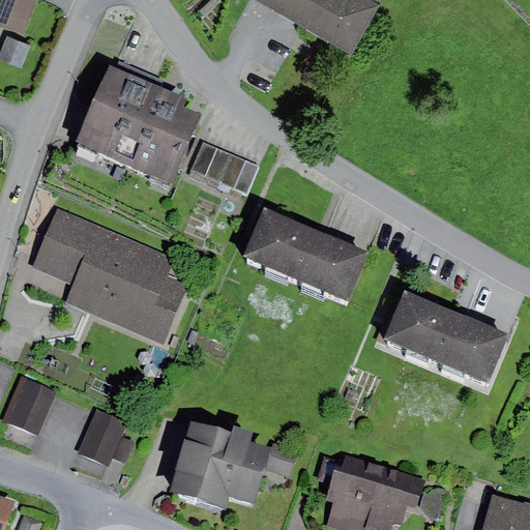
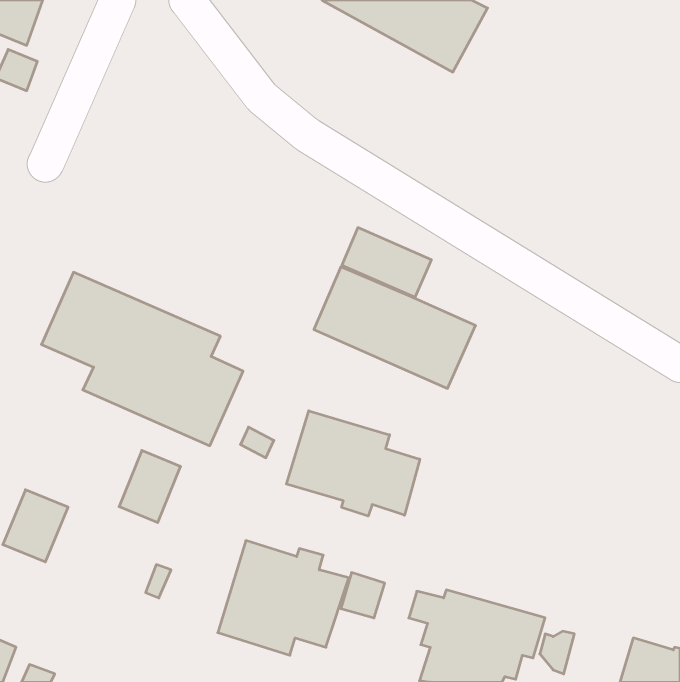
building: [77,66,200,181] -> none
building: [189,142,259,196] -> [342,228,431,297]
building: [384,291,509,383] -> none
building: none -> [286,411,420,516]
building: [77,411,124,467] -> [119,450,181,523]

